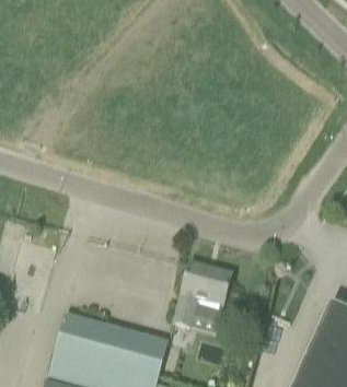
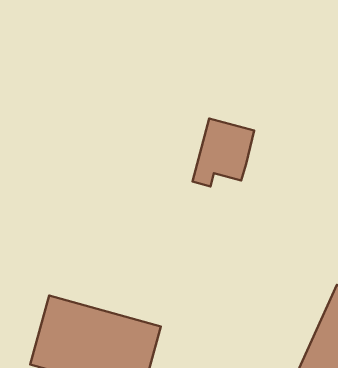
building: [174,260,231,322] -> [193,119,254,186]

